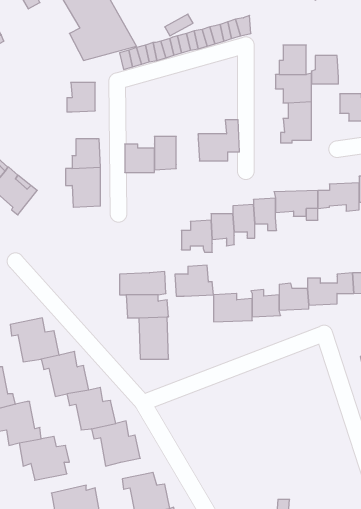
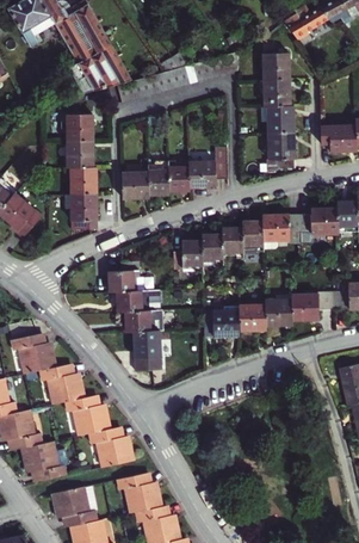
building: [311,56,338,84] -> [264,54,289,80]
building: none -> [67,141,94,168]
building: none -> [168,161,190,191]
building: [175,265,214,296] -> [107,264,143,292]

